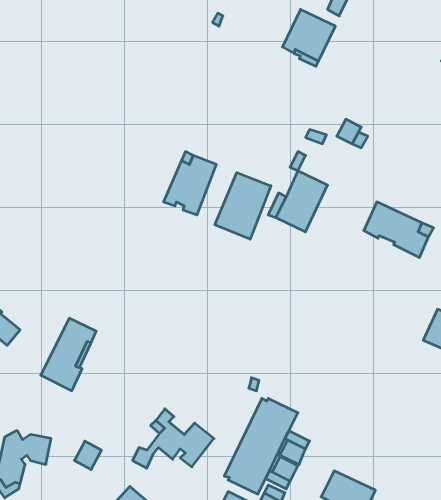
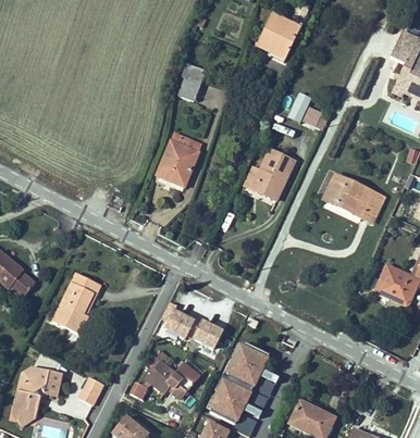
building: none -> [177,63,205,101]
building: [215,173,271,239] -> none
building: none -> [161,302,224,348]

